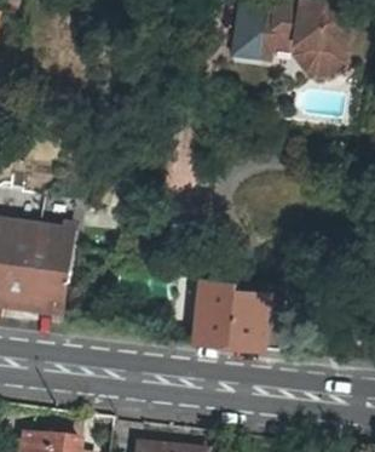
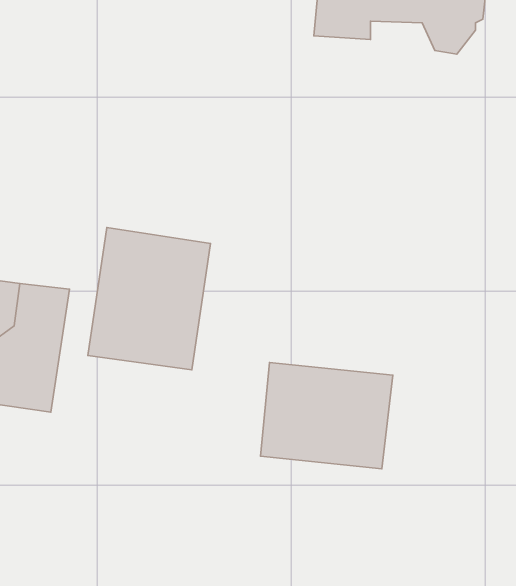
building: none -> [88,227,210,370]

